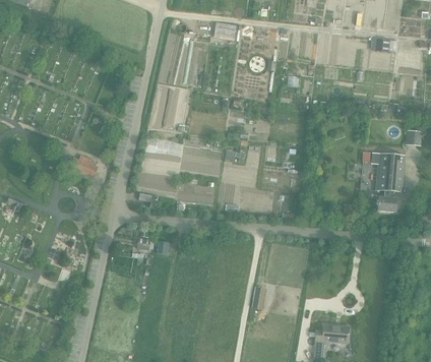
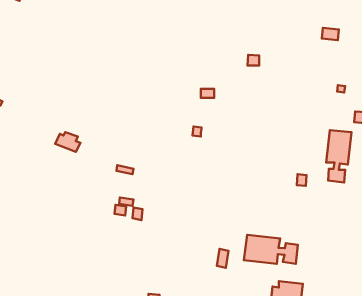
building: none -> [244,235,298,264]

